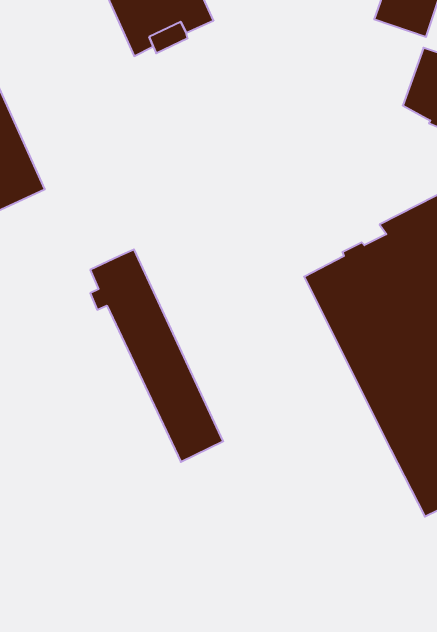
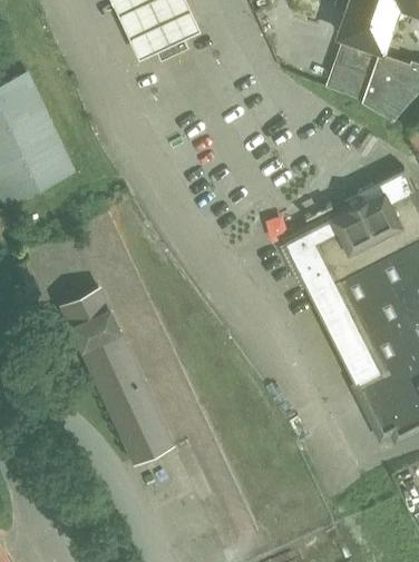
building: none -> [325,42,379,102]
building: [90,249,223,462] -> [62,285,170,457]

